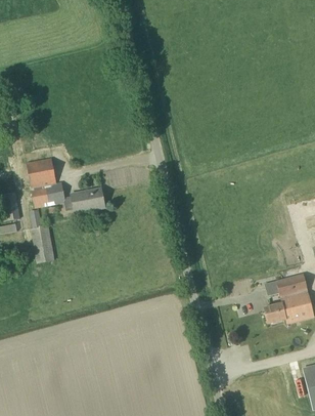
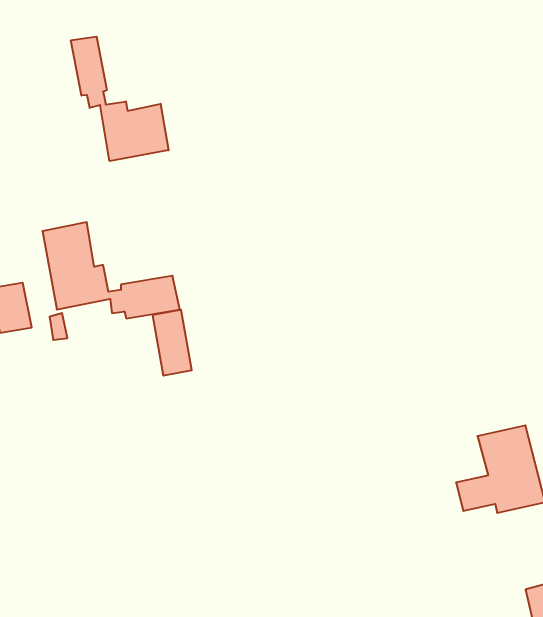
building: none -> [71,37,169,161]
building: [31,224,53,262] -> [153,310,192,376]

